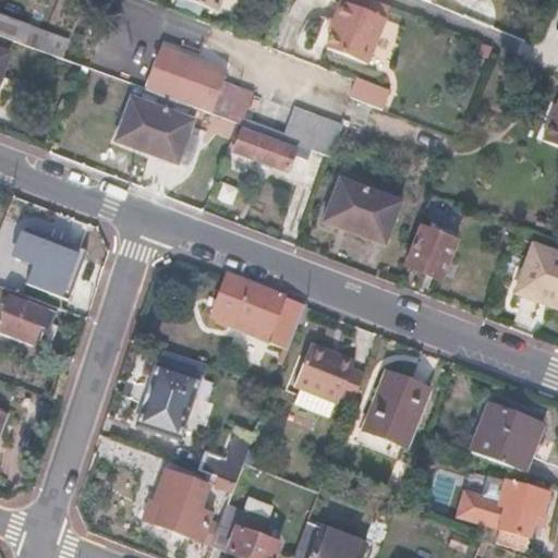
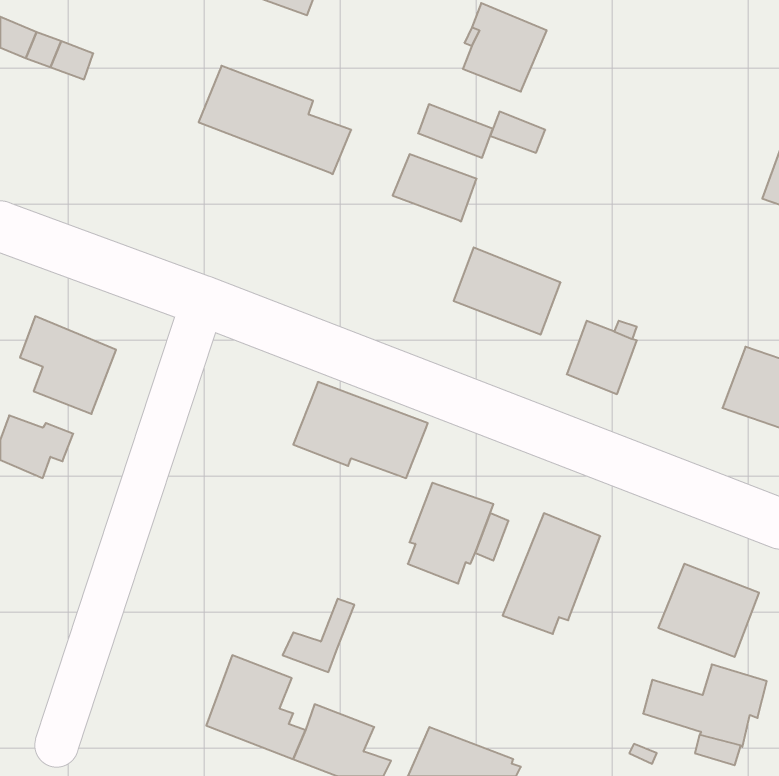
building: [118,99,196,165] -> none
building: [234,131,288,169] -> [418,104,493,158]
building: [137,347,207,435] -> none

